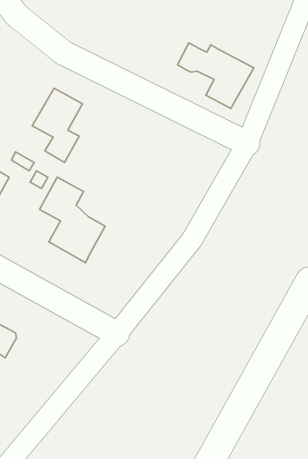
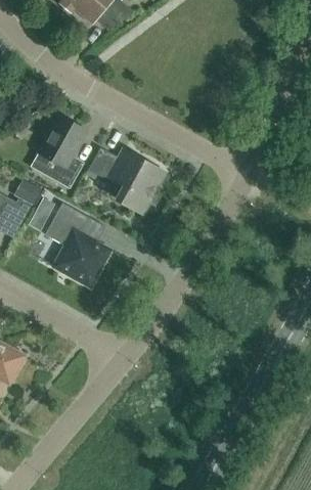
building: [177,43,254,109] -> [90,148,165,213]

